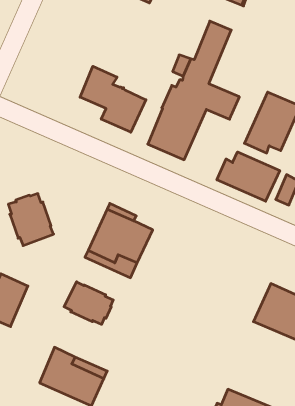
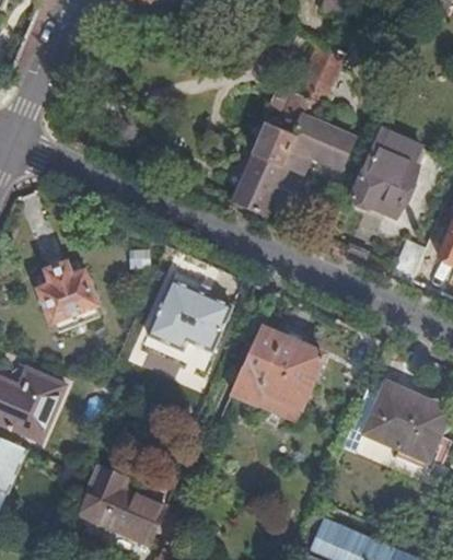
building: [80,66,146,132] -> none
building: [217,152,280,201] -> none
building: none -> [233,327,324,419]
building: [64,282,113,324] -> none

